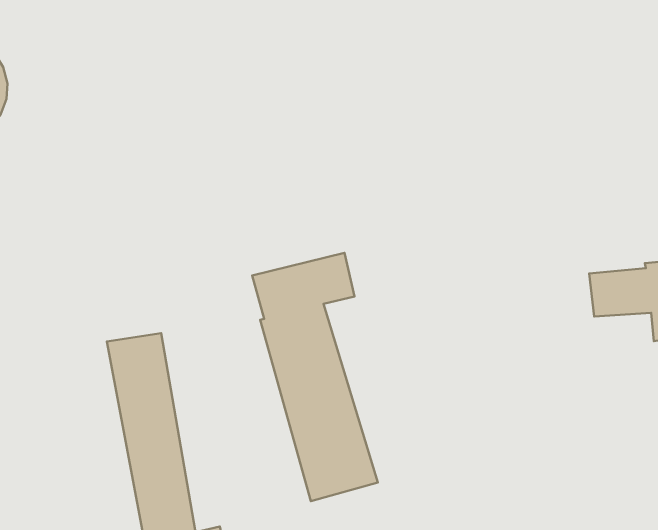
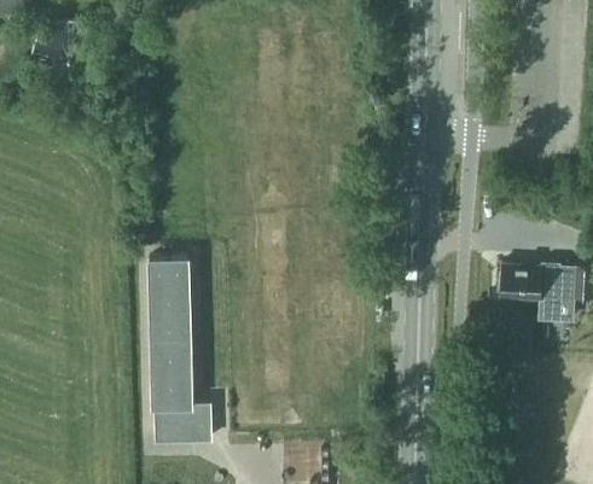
building: [252,253,378,501] -> none

